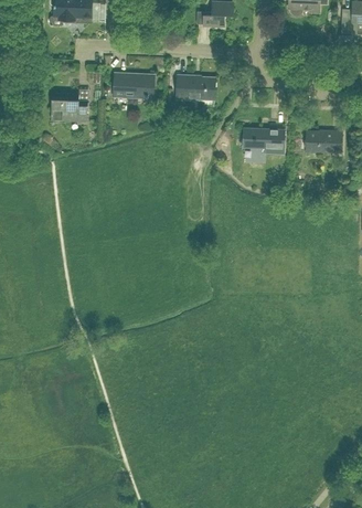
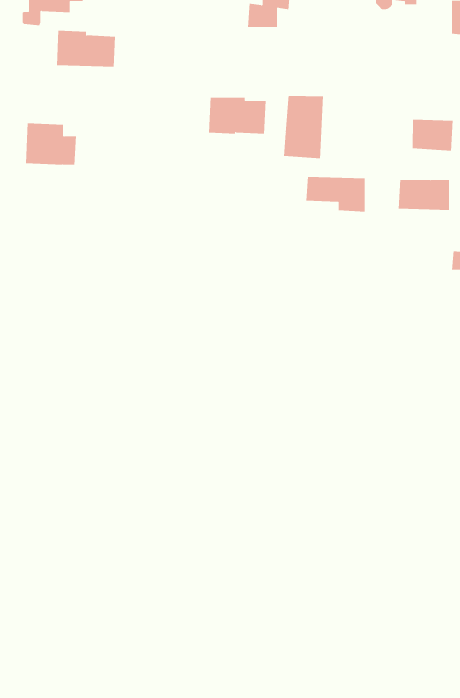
building: [114,73,155,98] -> [56,30,116,67]
building: none -> [283,95,323,159]
building: none -> [412,119,453,151]

